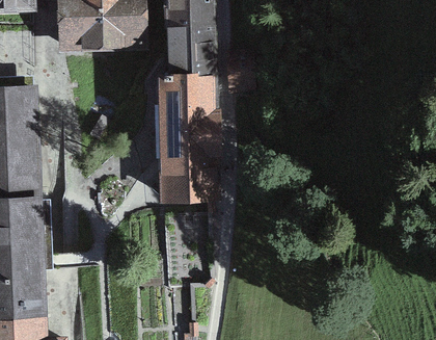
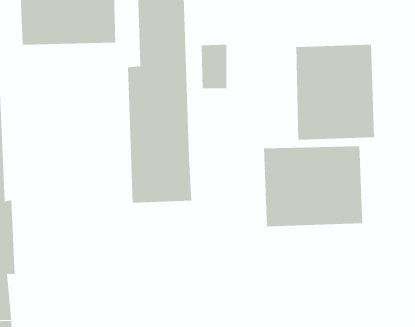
building: none -> [296,44,375,140]
building: none -> [264,146,363,227]

